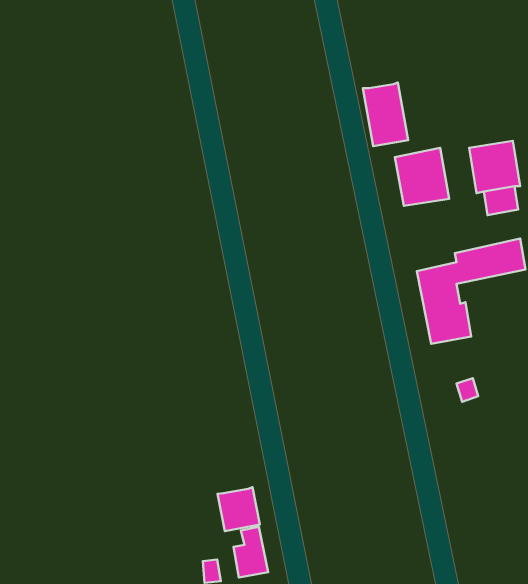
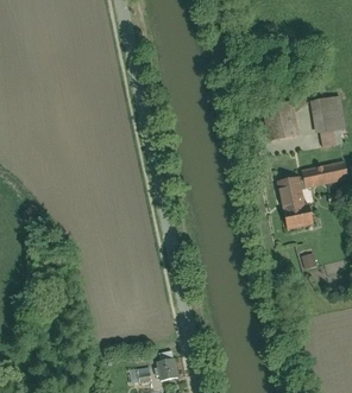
building: [363,82,408,146] -> none
building: [217,487,260,531] -> none

